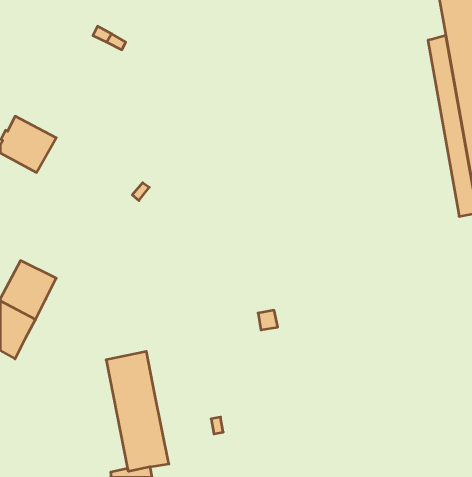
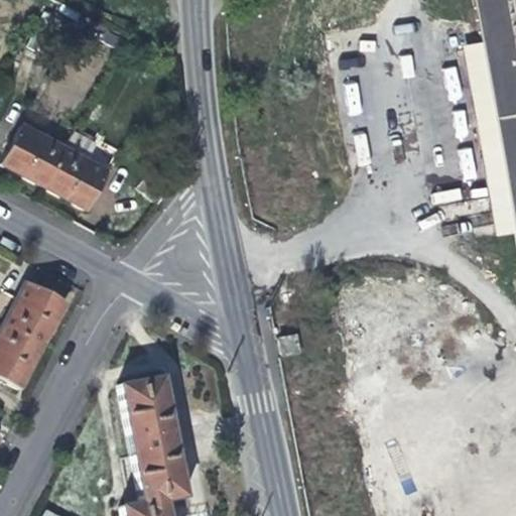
building: none -> [47,148,113,209]

